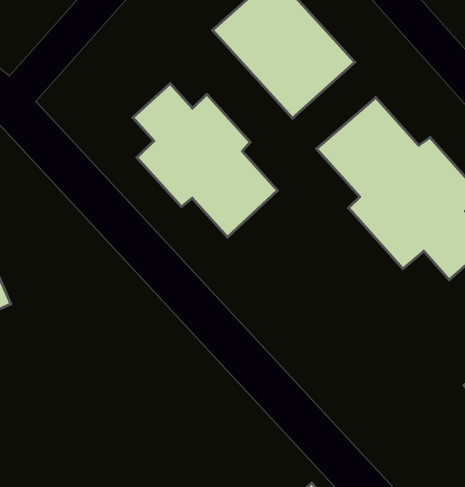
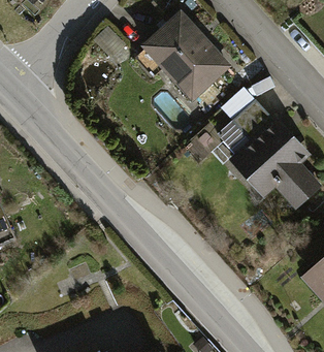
building: [133,84,278,237] -> none

